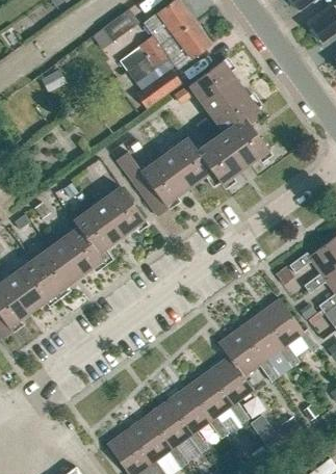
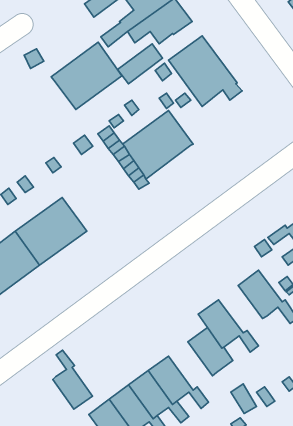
building: [197,115,268,185] -> none
building: [75,184,147,253] -> [51,42,122,110]
building: [238,314,299,367] -> none
building: [187,371,248,424] -> none
building: none -> [53,350,92,409]

